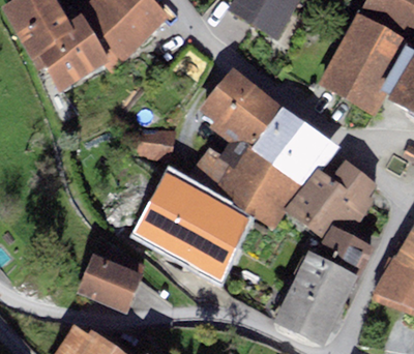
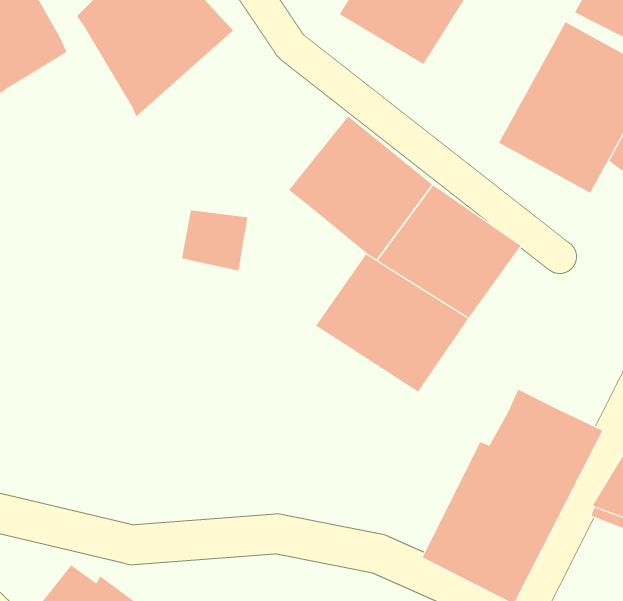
building: [38,18,110,91] -> none
building: [190,123,243,188] -> none
building: [287,160,379,238] -> none
building: [134,172,249,276] -> none
building: [79,249,143,311] -> none

